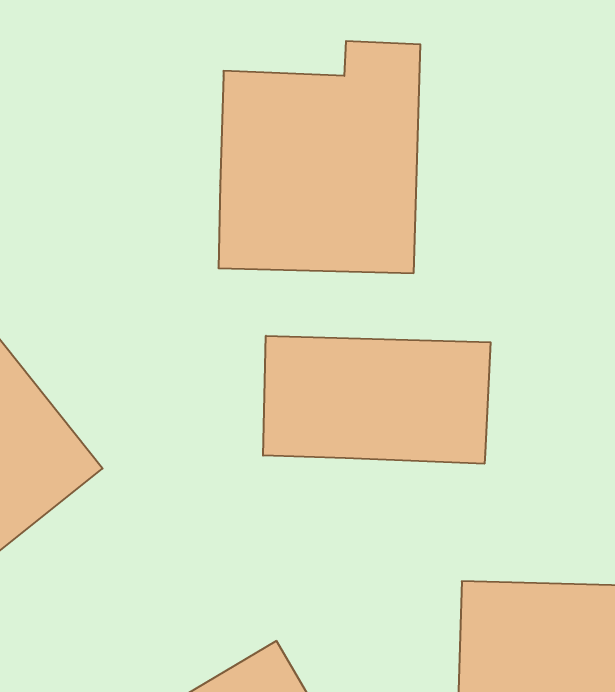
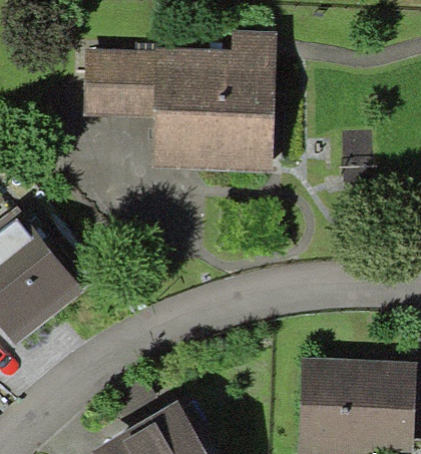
building: none -> [81,50,156,118]
building: [263,336,491,464] -> none

